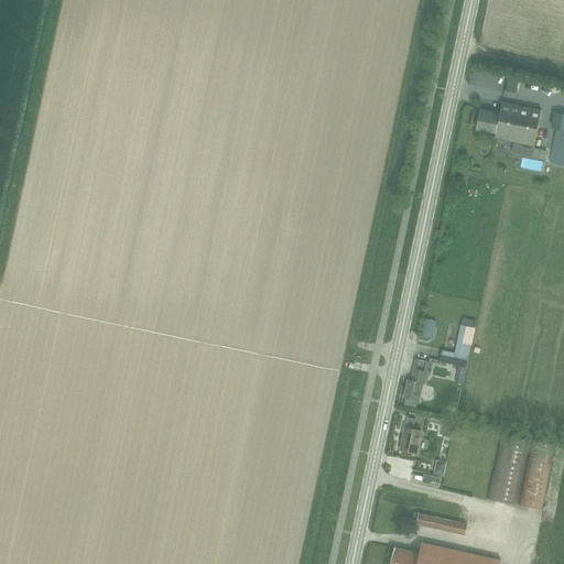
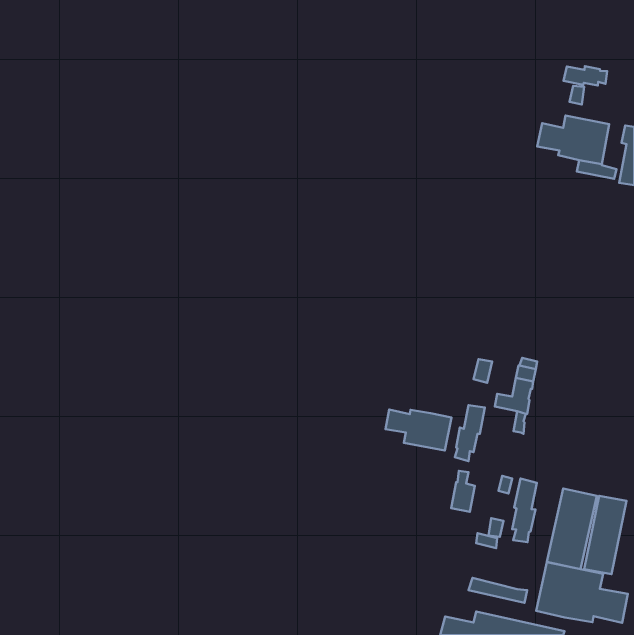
building: none -> [563,66,607,85]
building: none -> [386,409,451,451]
building: none -> [512,478,537,542]
building: none -> [536,562,628,623]

